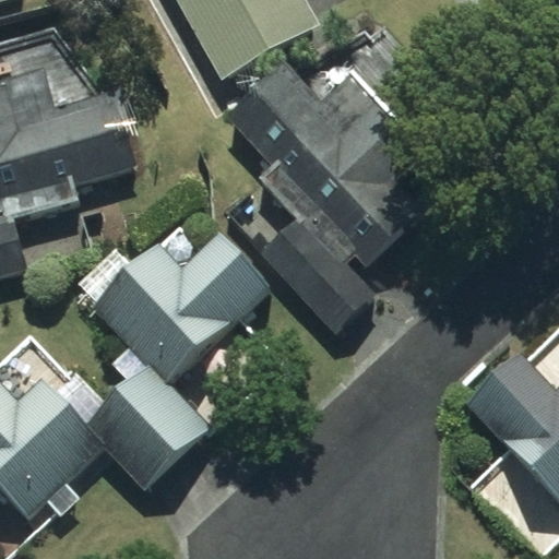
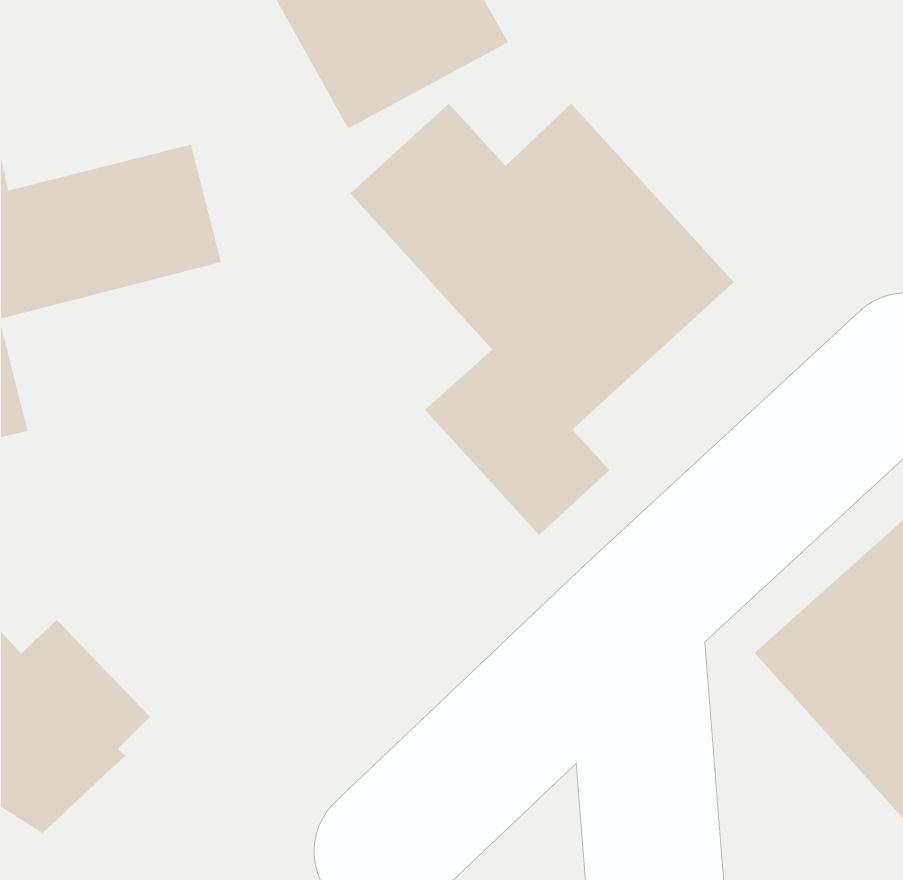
building: [86,231,270,487] -> none

